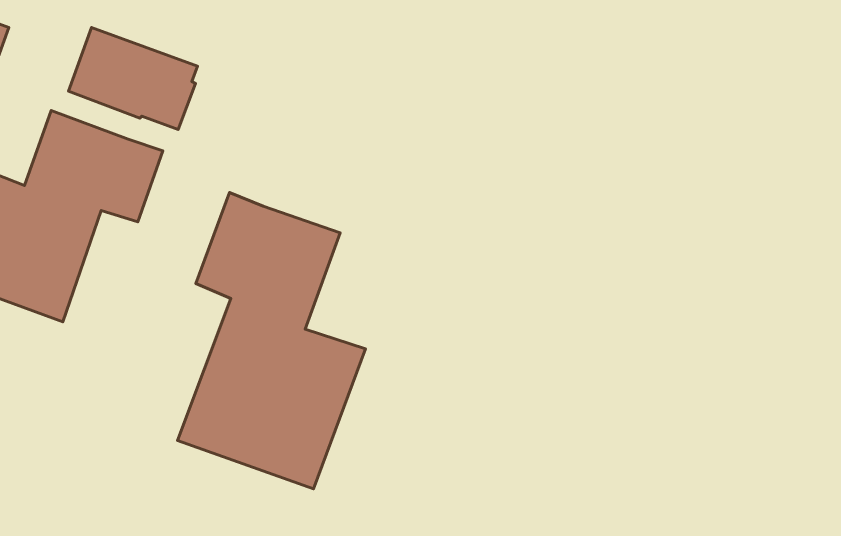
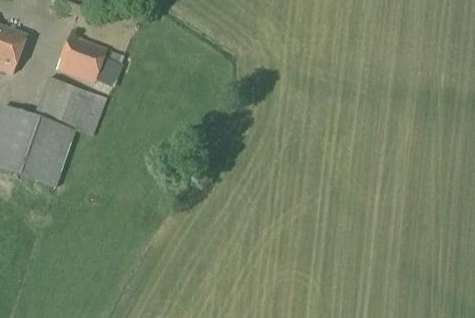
building: [178,193,365,489] -> none

